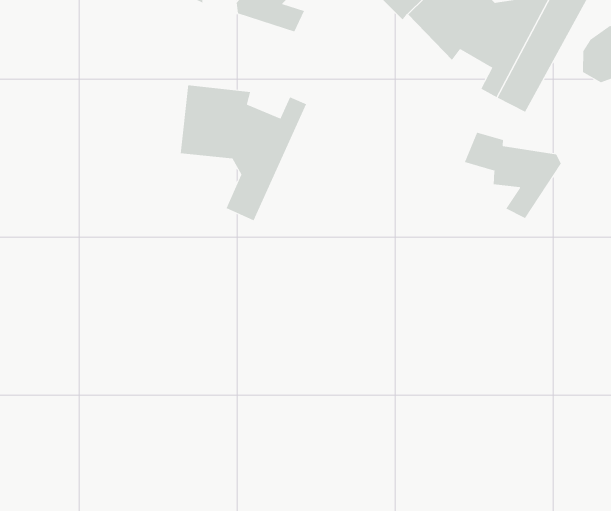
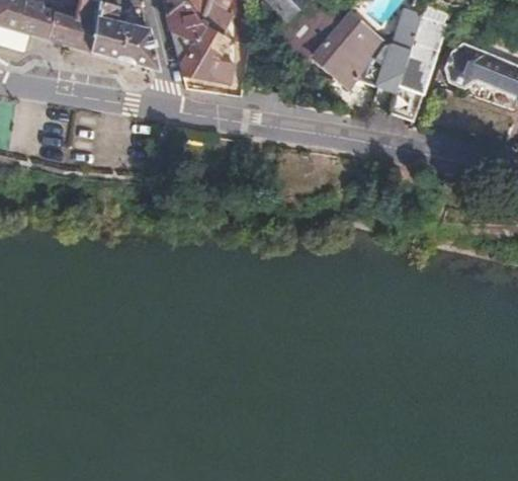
building: [180,84,307,221] -> none
building: [464,132,561,219] -> none

